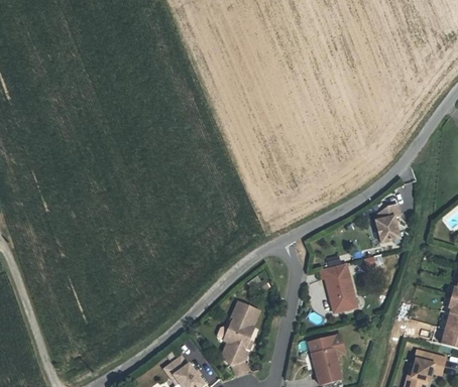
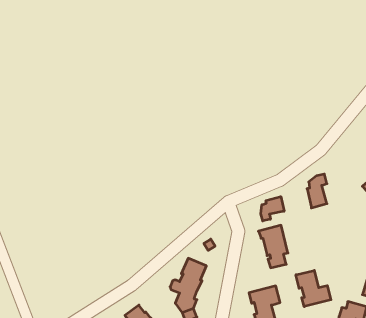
building: none -> [261,197,284,221]
building: none -> [296,270,331,307]

